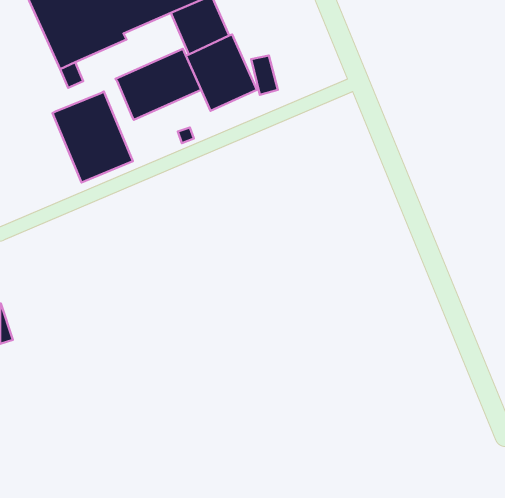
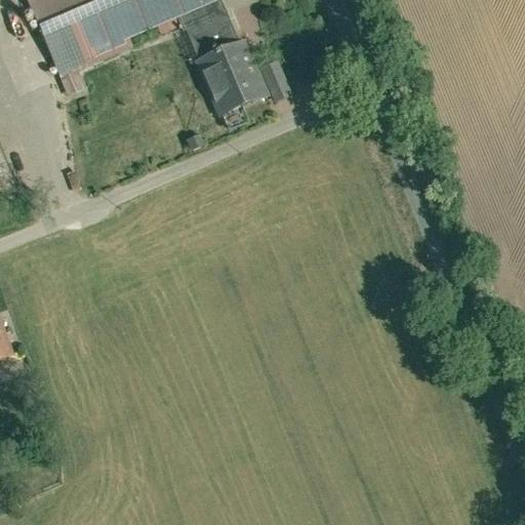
building: [116,49,201,120] -> none
building: [52,92,133,183] -> none

